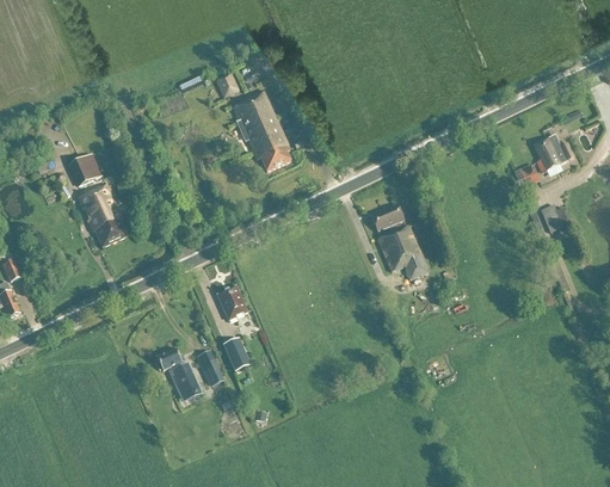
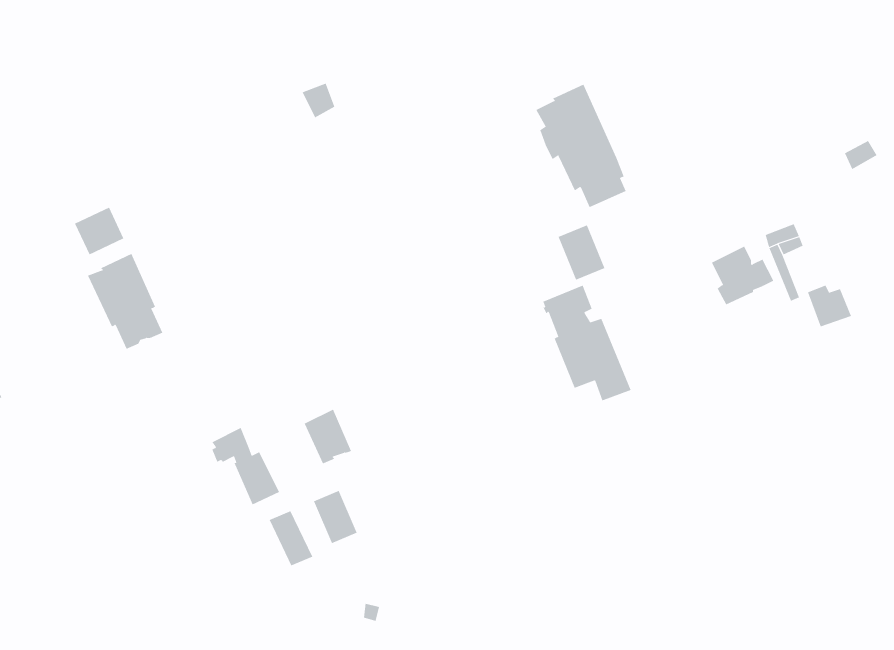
building: [233,91,291,171] -> [536,84,626,208]
building: [534,134,574,172] -> [711,246,774,305]
building: none -> [558,225,605,281]
building: [156,347,201,397] -> [211,427,280,505]

